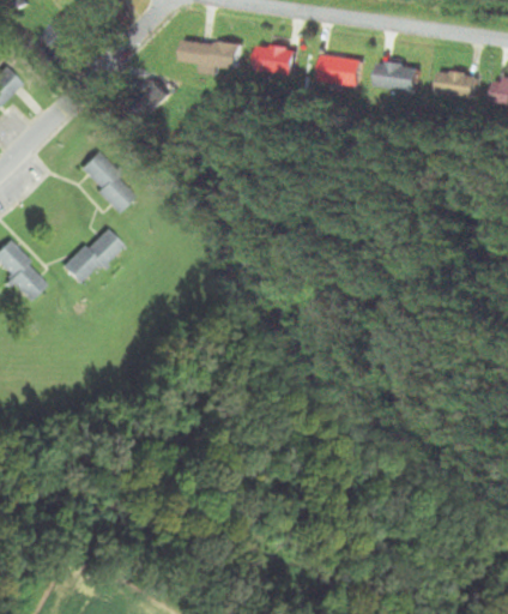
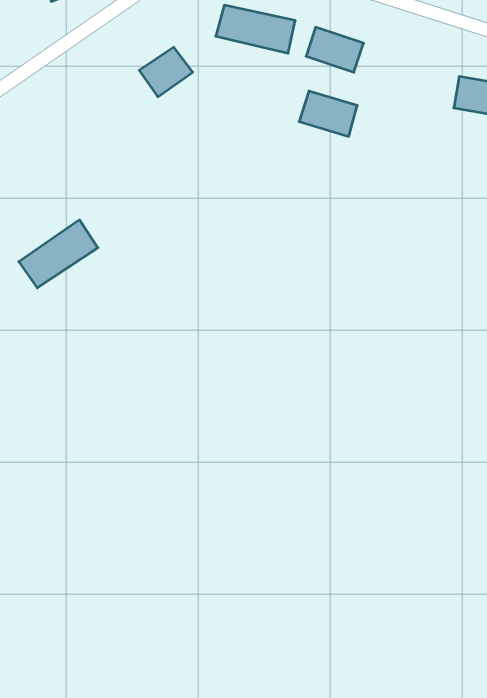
building: [323,55,367,85] -> [299,91,357,136]
building: [77,154,135,212] -> none

